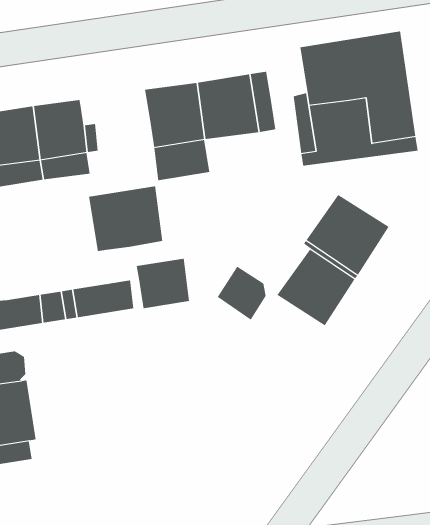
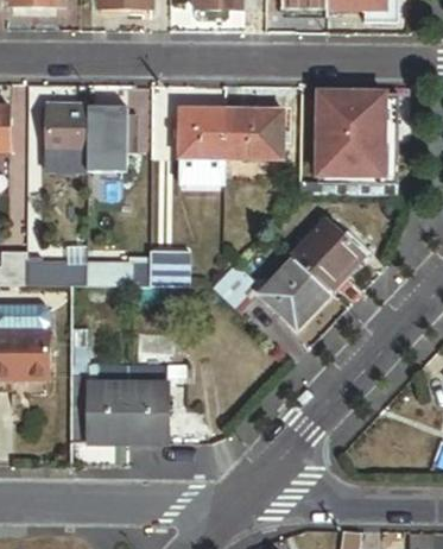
building: [88,186,163,252] -> none
building: none -> [69,347,167,443]

